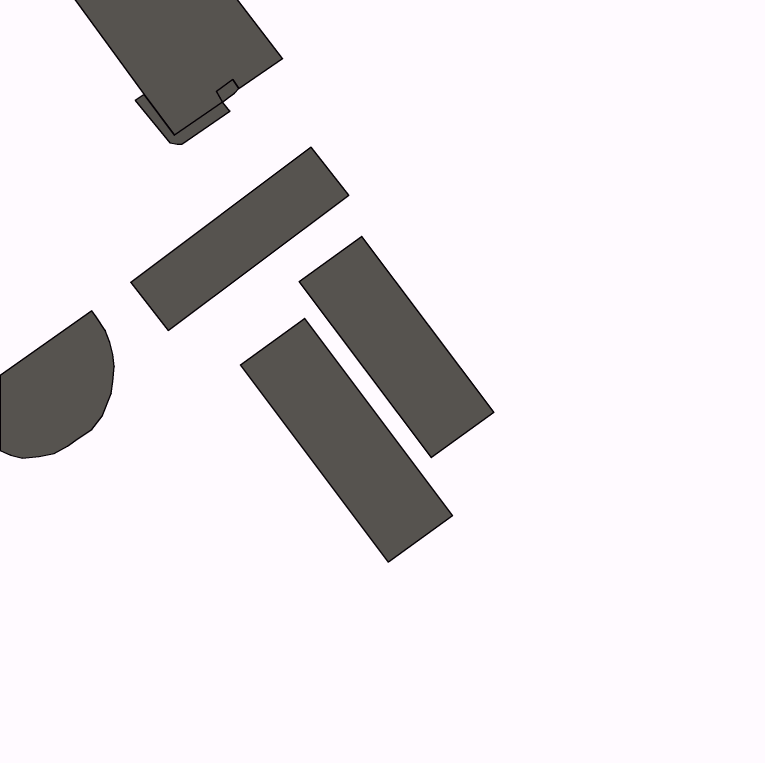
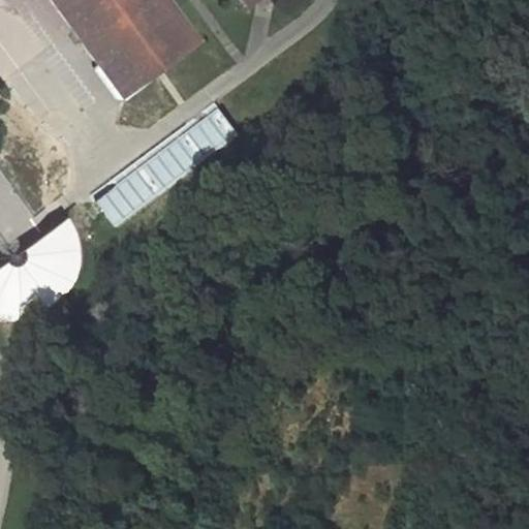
building: [299,236,494,458] -> none
building: [240,318,452,562] -> none

